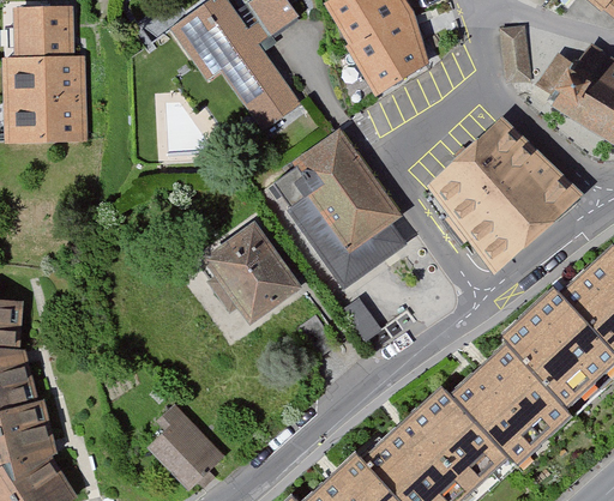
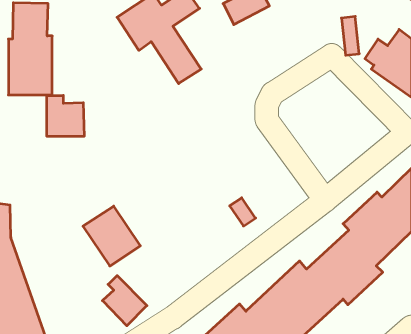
building: [348,12,427,90] -> none
building: [272,125,402,283] -> none
building: [438,127,578,274] -> none
building: none -> [47,95,84,136]
building: [210,227,295,315] -> [83,206,140,266]

